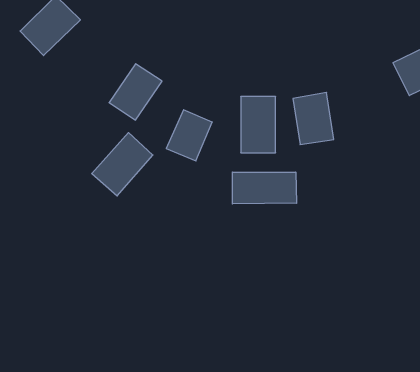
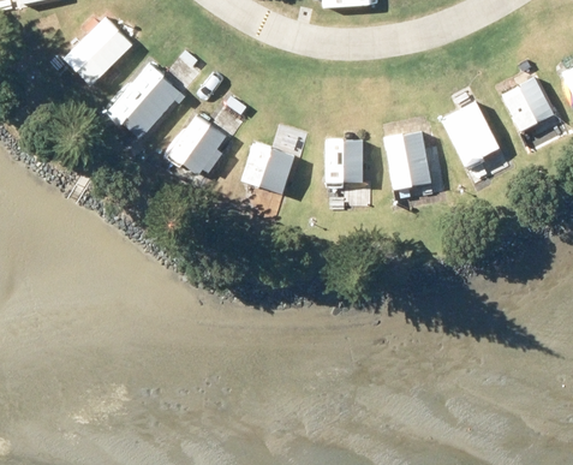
building: none -> [441,102,502,172]
building: [92,133,153,196] -> [107,64,179,138]
building: [232,172,297,204] -> none

